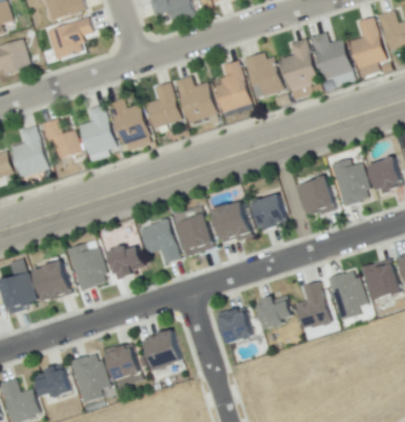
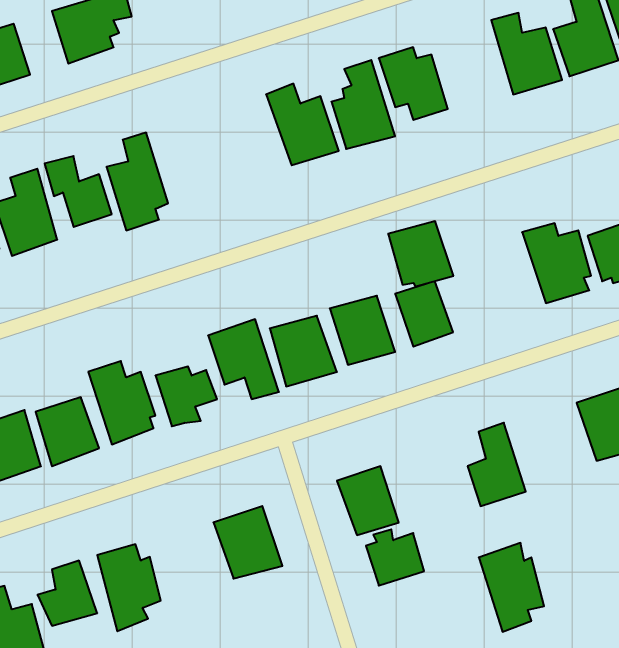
building: [280,37,318,90] -> none
building: [143,80,181,127] -> none
building: [106,97,149,145] -> none
building: [296,176,336,215] -> [388,221,453,287]
building: [327,267,367,321] -> [479,543,544,632]
building: [258,297,293,331] -> [366,529,424,586]
building: [105,347,142,384] -> none

